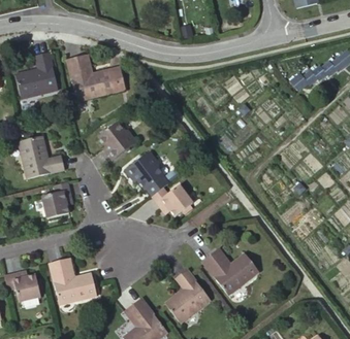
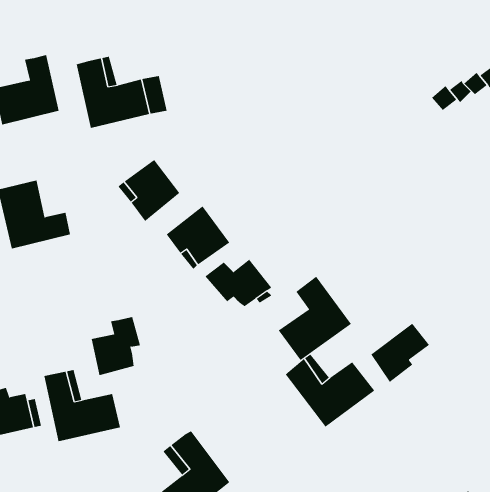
building: [38,182,70,221] -> [91,316,141,376]
building: none -> [371,323,430,383]
building: [162,266,210,320] -> [278,276,352,361]

